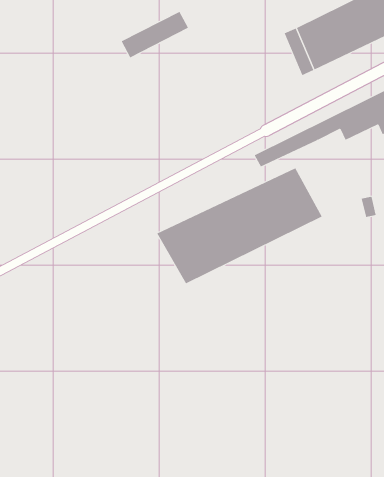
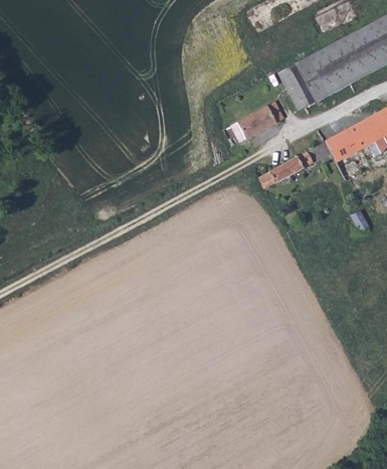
building: [121,11,189,58] -> [230,97,292,139]
building: [157,168,322,284] -> none

